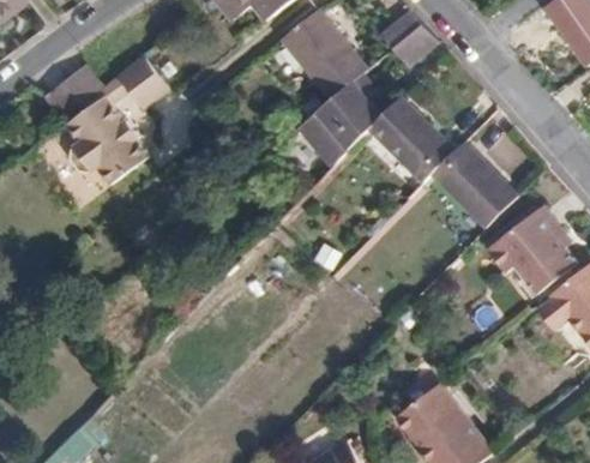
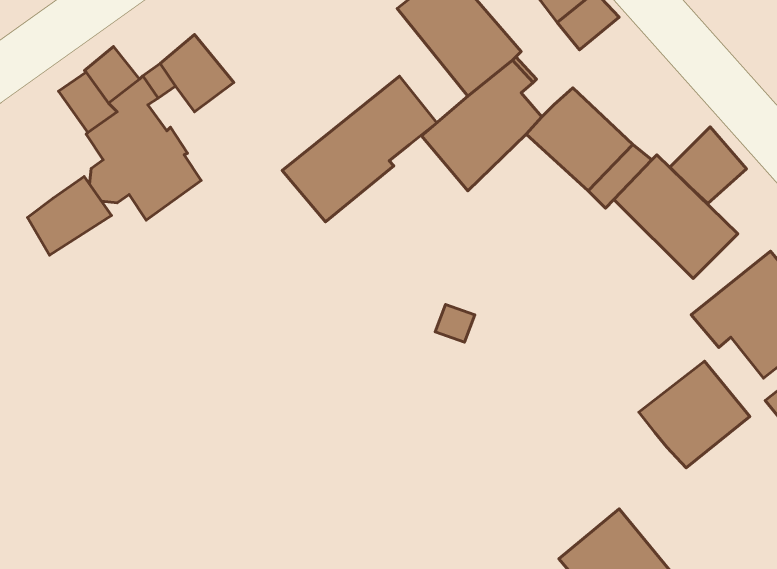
building: none -> [282,76,437,222]
building: none -> [670,127,747,204]
building: none -> [27,176,112,255]
building: none -> [639,361,750,468]

